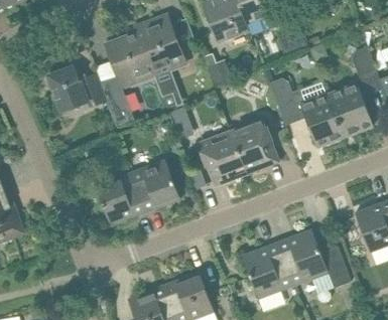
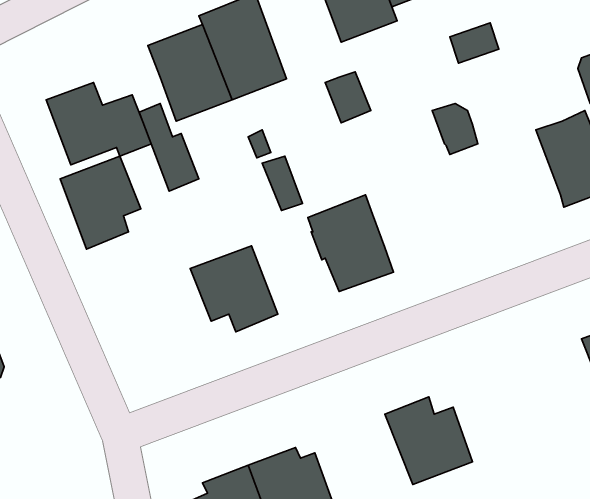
building: [300,93,345,147] -> none
building: [231,118,279,174] -> none
building: [96,172,142,225] -> [60,156,141,249]
building: [281,228,351,285] -> none

